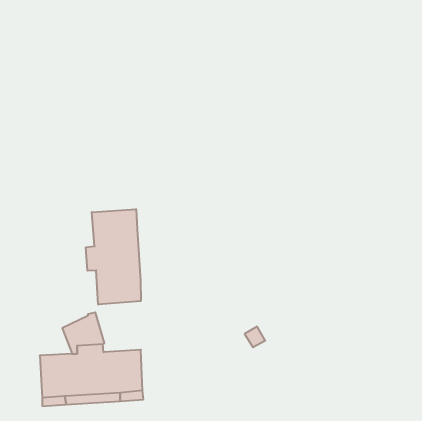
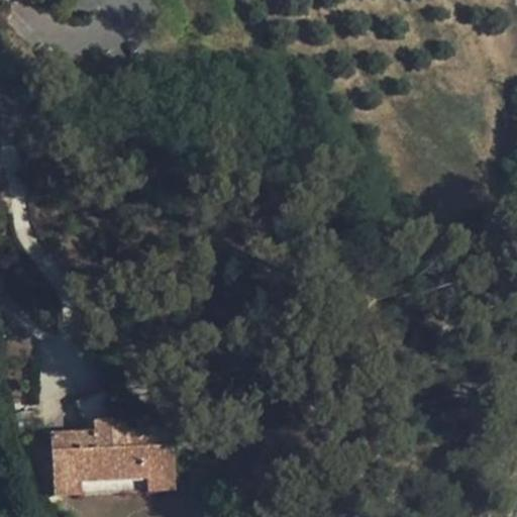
building: [86,209,141,305] -> none

